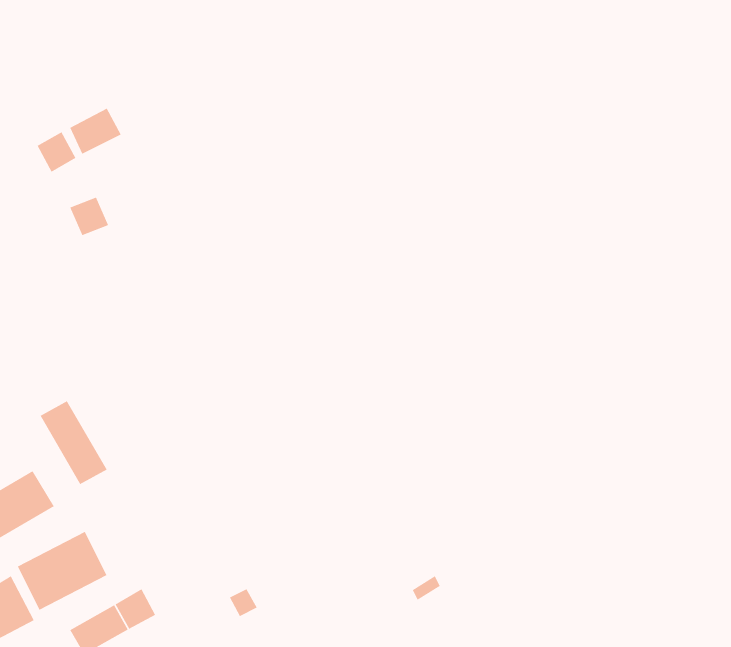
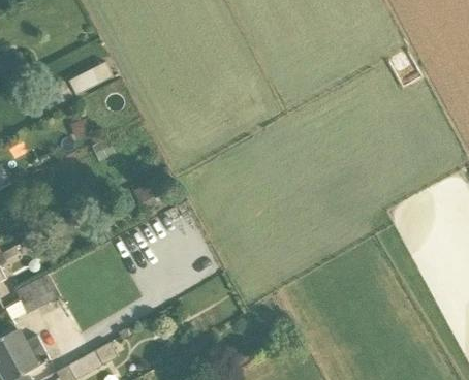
building: [39,400,108,485] -> none
building: [17,531,107,611] -> none

